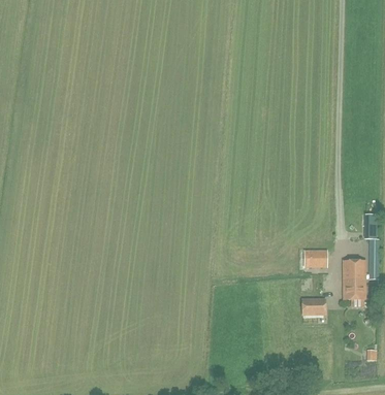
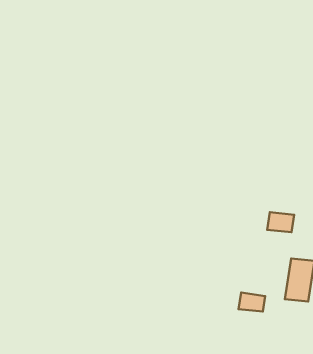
building: [303,250,326,267] -> [267,212,294,232]

